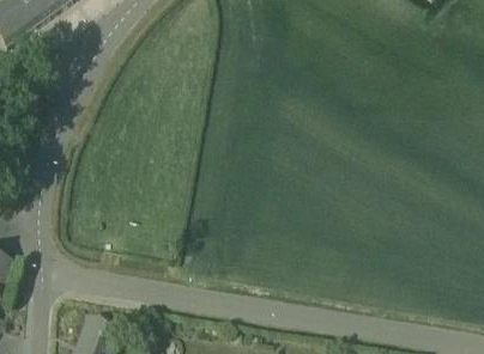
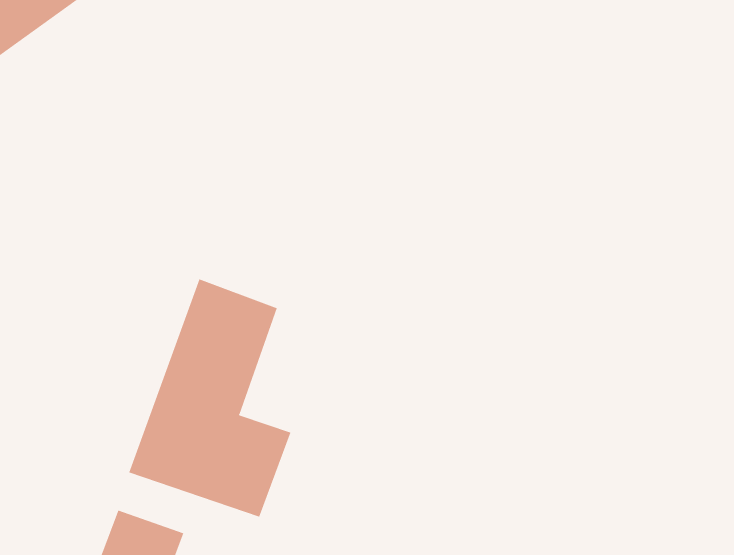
building: none -> [129,278,291,518]

